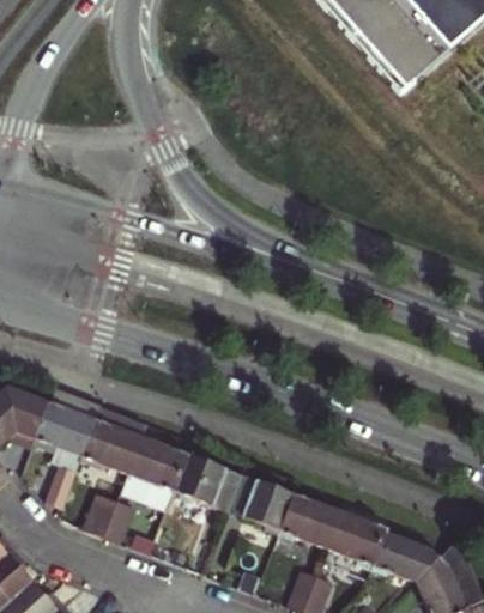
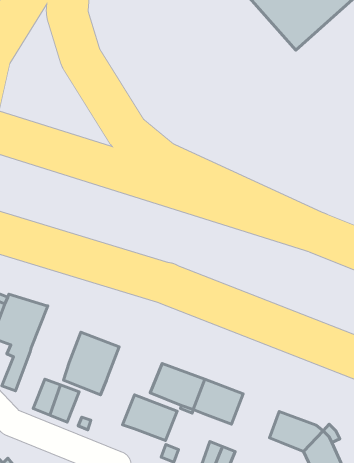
building: [79,402,146,472] -> none
building: [174,453,241,509] -> [123,395,177,441]
building: [326,510,387,564] -> none

